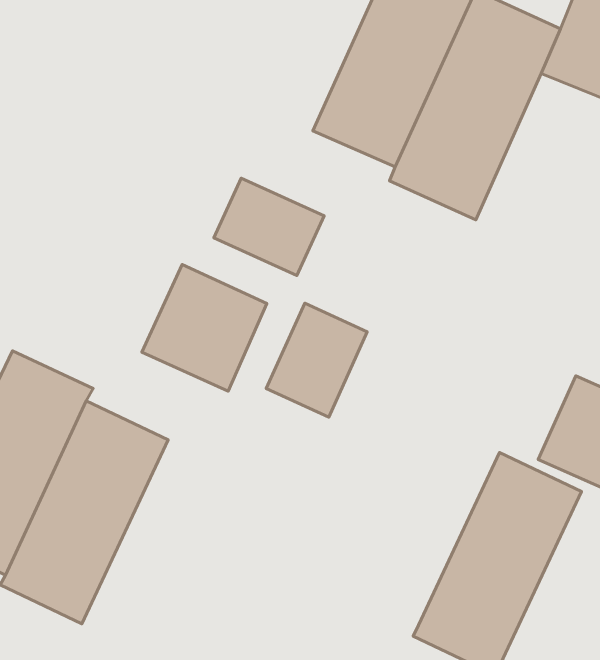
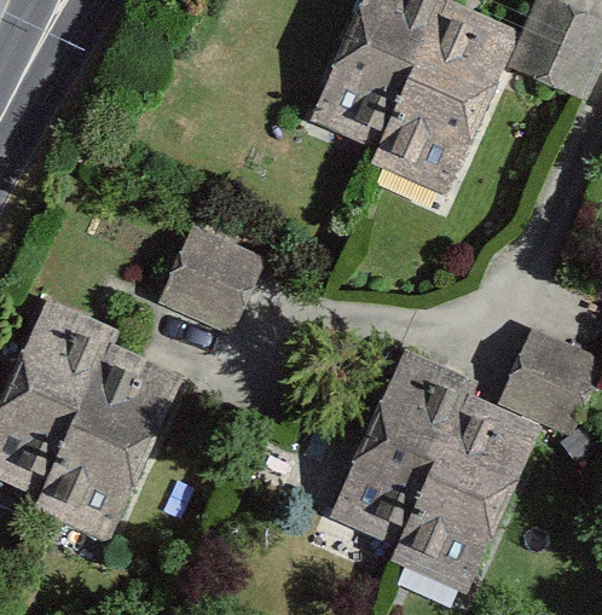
building: [214,178,324,275] -> none
building: [266,303,367,417] -> none
building: none -> [328,352,474,545]

